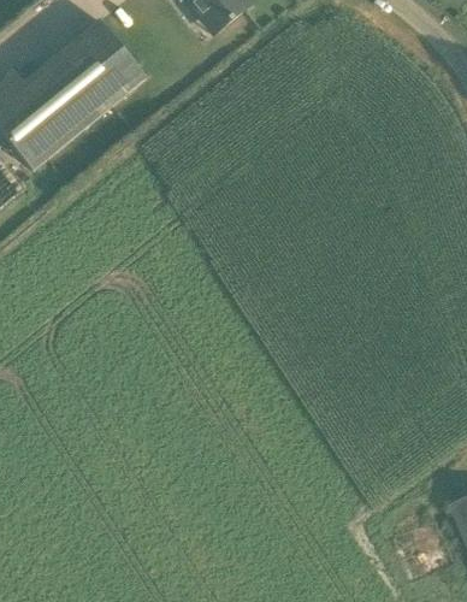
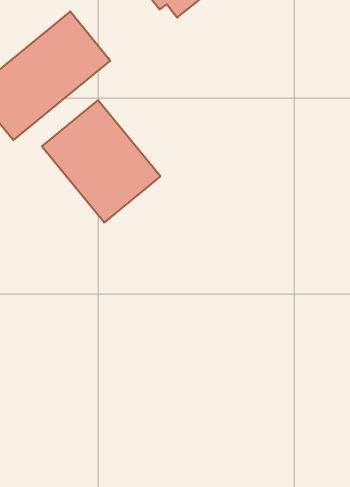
building: none -> [42,100,160,223]

